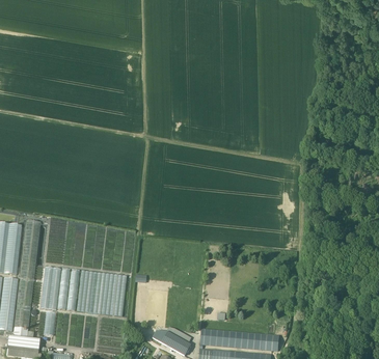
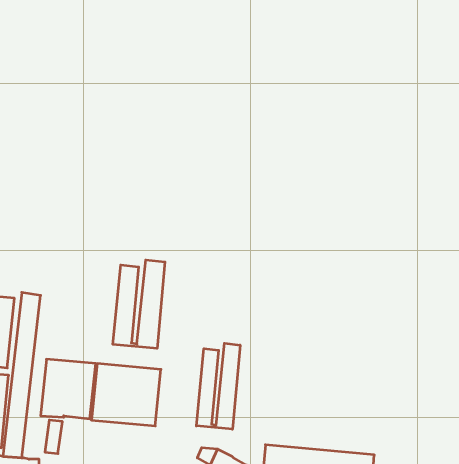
building: none -> [113,260,165,348]
building: none -> [196,343,240,429]

